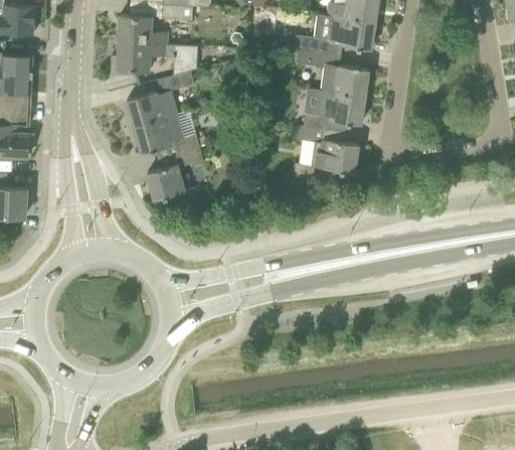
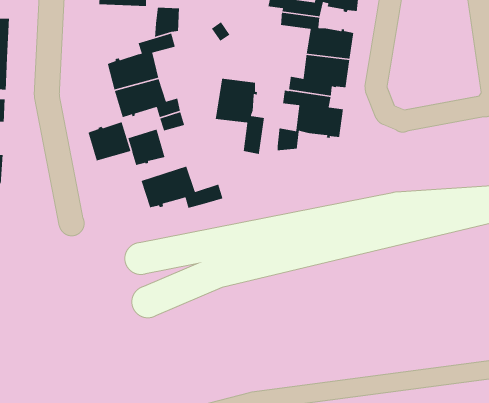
building: [111,43,166,76] -> none
building: none -> [215,78,265,155]
building: none -> [87,121,131,162]
building: none -> [141,166,223,209]

